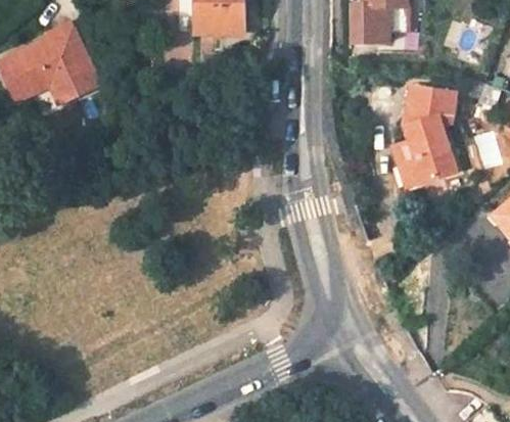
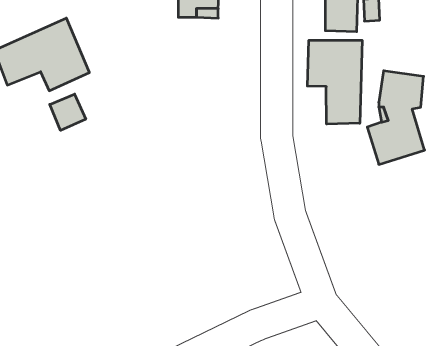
building: none -> [307,40,362,124]
building: none -> [50,94,86,130]

